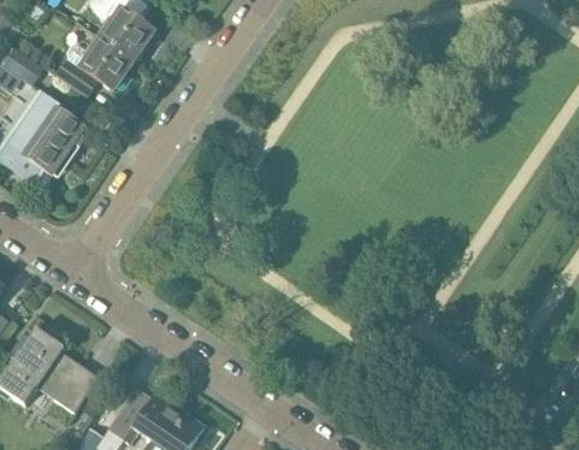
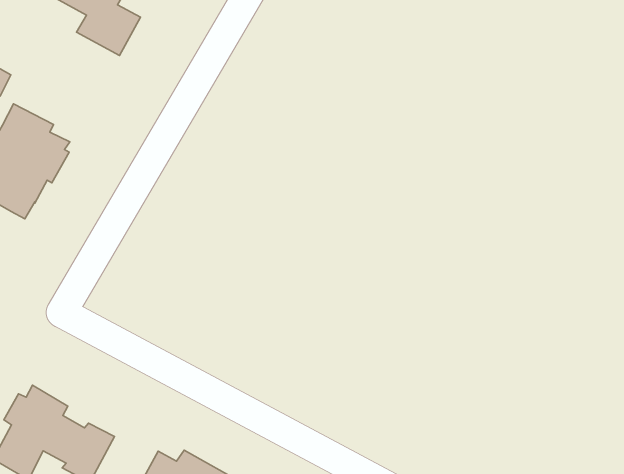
building: [57,37,134,94] -> none

